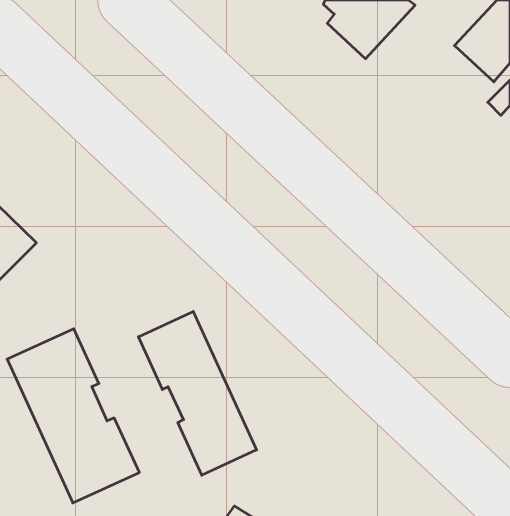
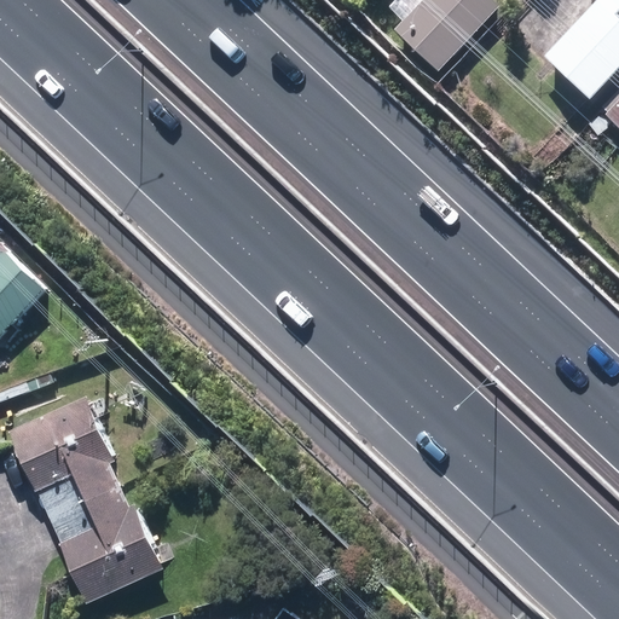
building: [138,311,257,475] -> none

